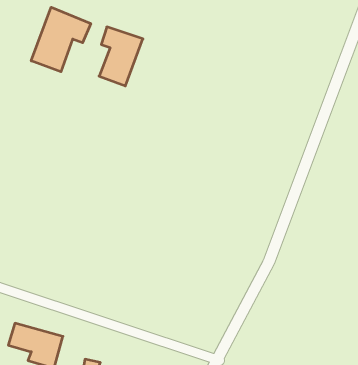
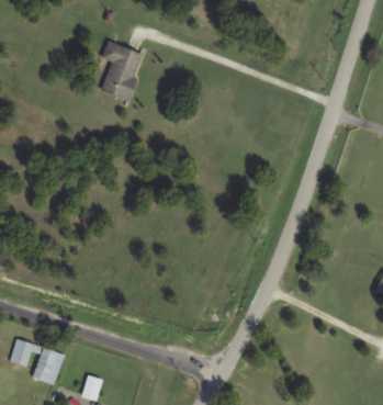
building: [31,7,91,72] -> none

